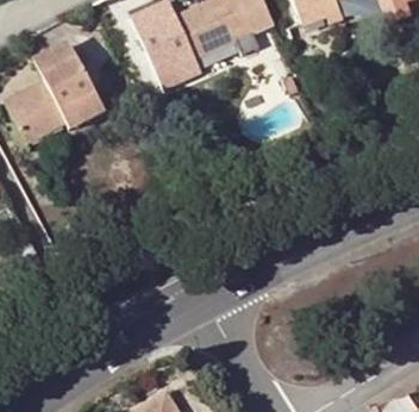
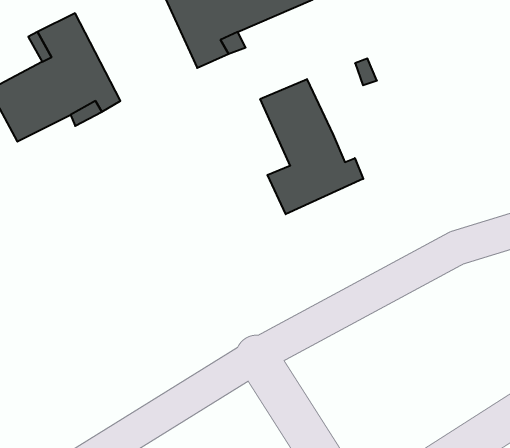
building: none -> [260,79,363,214]

